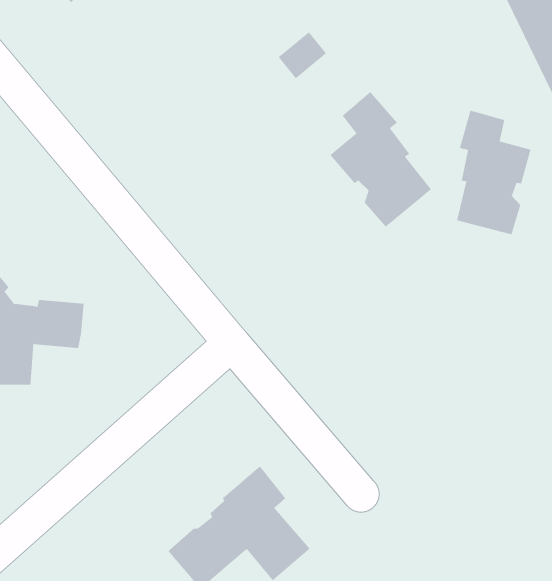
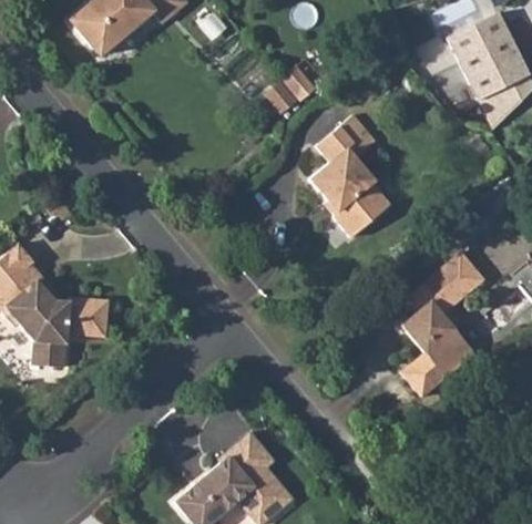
building: [456,110,531,235] -> none
building: none -> [399,251,485,399]

